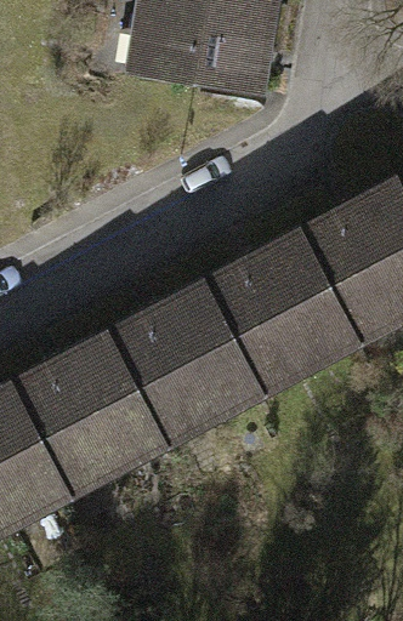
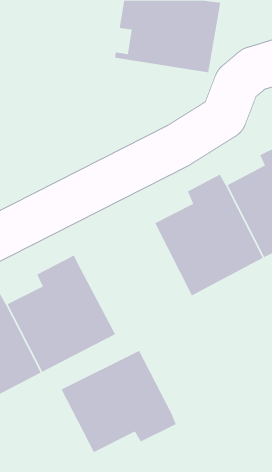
building: [108,281,255,439] -> none
building: none -> [61,350,177,453]

